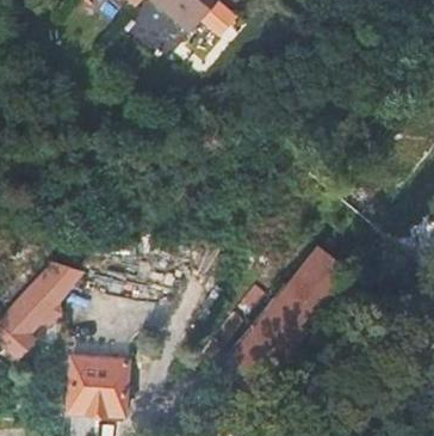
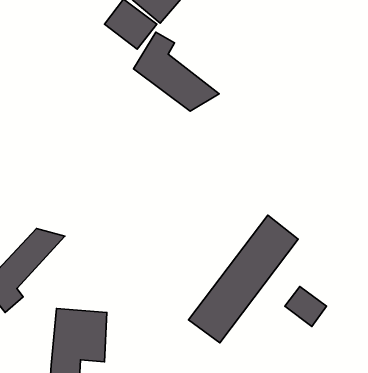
building: none -> [134,32,219,111]
building: none -> [285,286,326,326]

